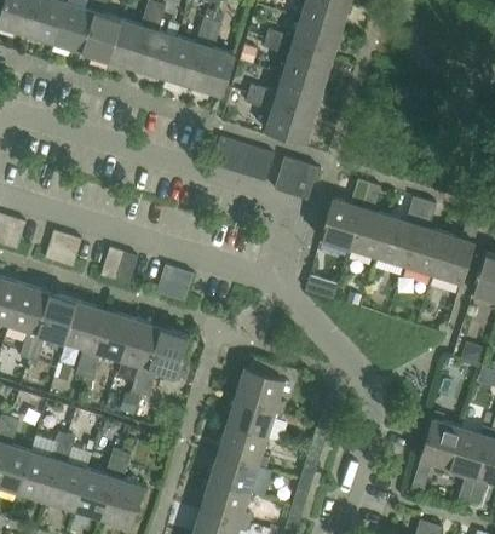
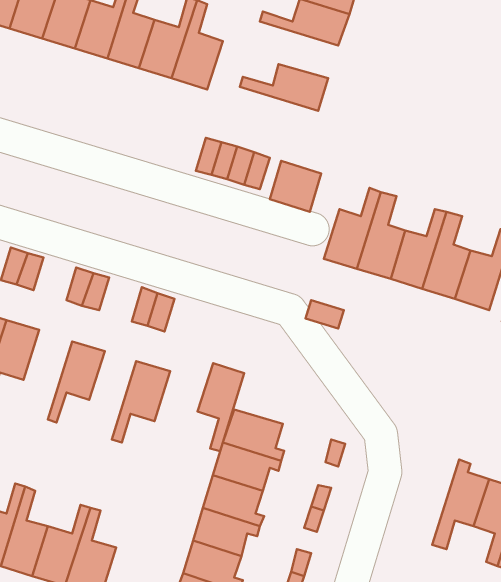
building: [261,39,332,87] -> none
building: [244,94,315,144] -> none
building: [64,302,105,378] -> none
building: [120,320,160,395] -> [197,363,244,451]

